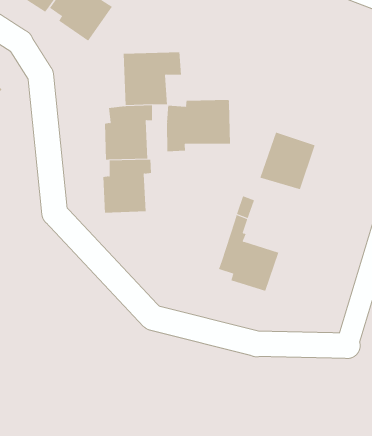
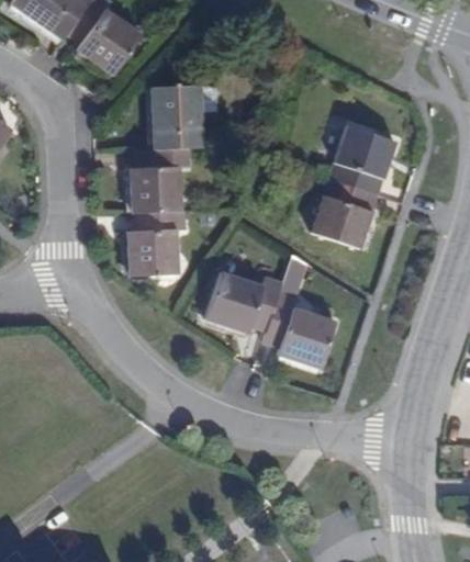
building: none -> [331,127,394,195]
building: [167,99,230,152] -> none
building: none -> [204,274,282,331]

